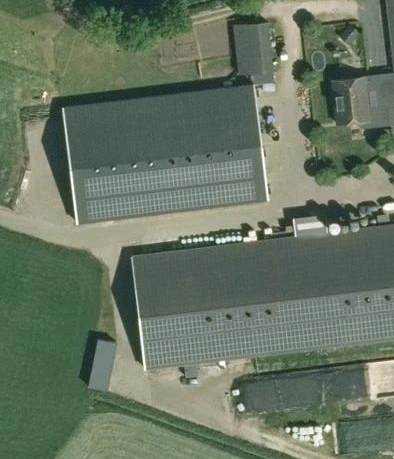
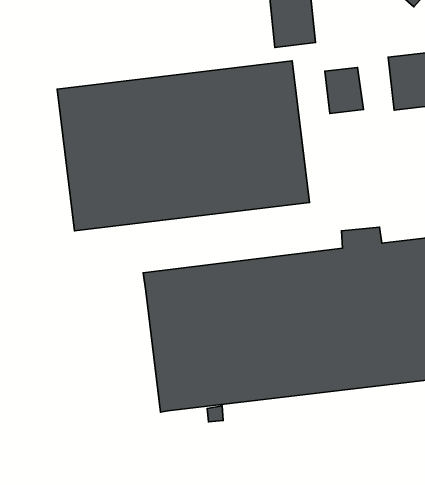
building: none -> [325,68,363,113]
building: [88,339,115,390] -> none

